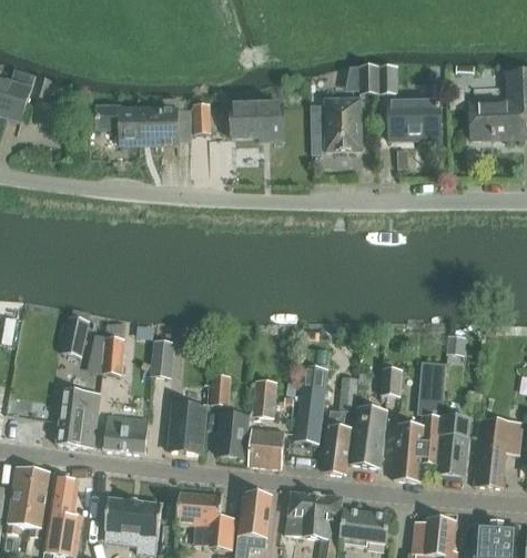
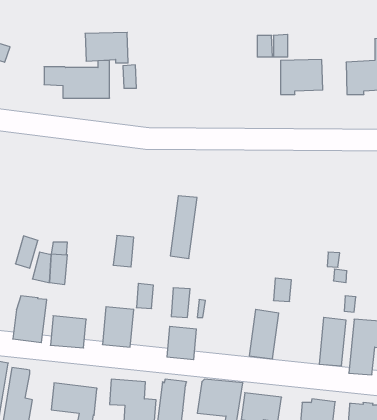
building: [324,98,361,150] -> none
building: [231,103,284,141] -> [85,32,128,63]
building: [149,339,174,378] -> [113,236,134,267]
building: [393,362,445,481] -> none
building: [294,365,327,443] -> [170,196,197,258]
building: [322,376,357,474] -> none
building: [216,412,249,457] -> none

